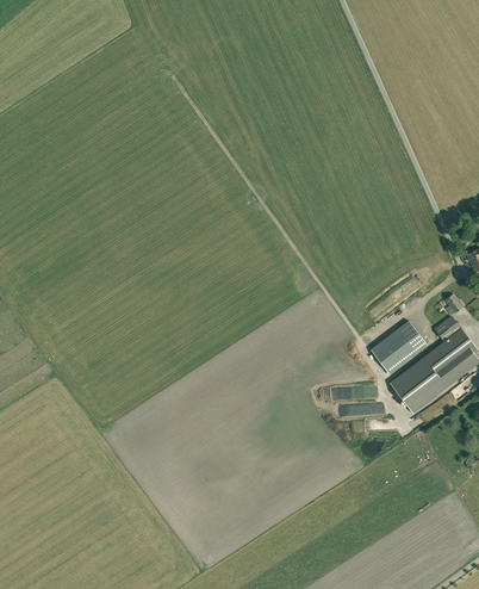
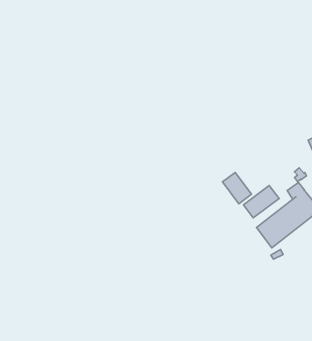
building: none -> [223,172,252,204]

